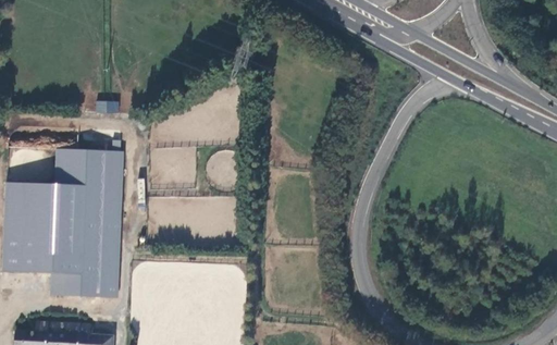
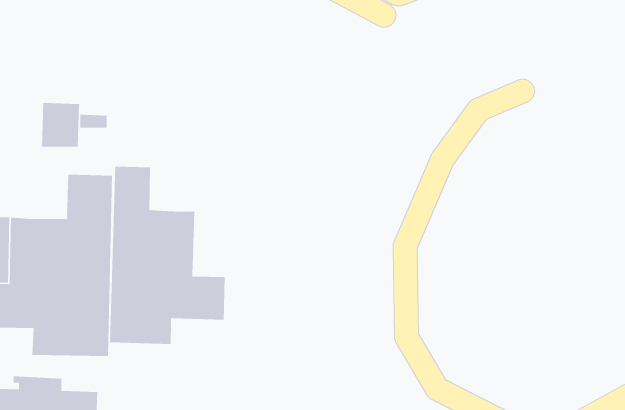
building: none -> [109,166,225,345]
building: [54,148,86,185] -> [41,102,80,147]

